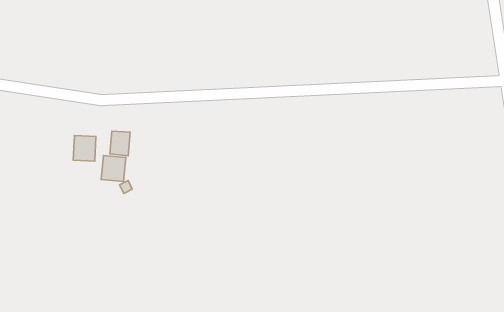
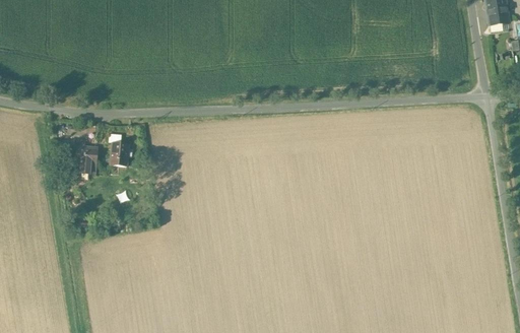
building: [101,155,126,182] -> none

